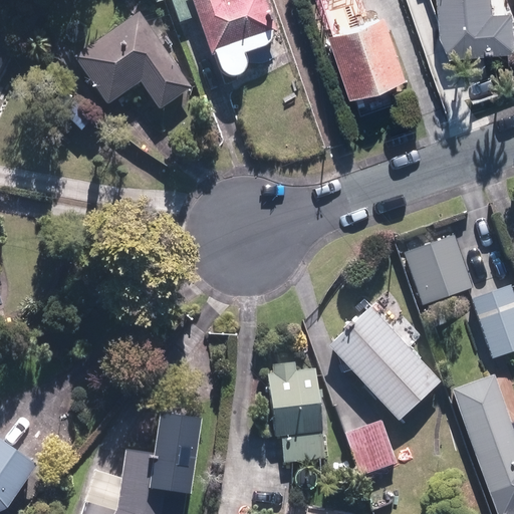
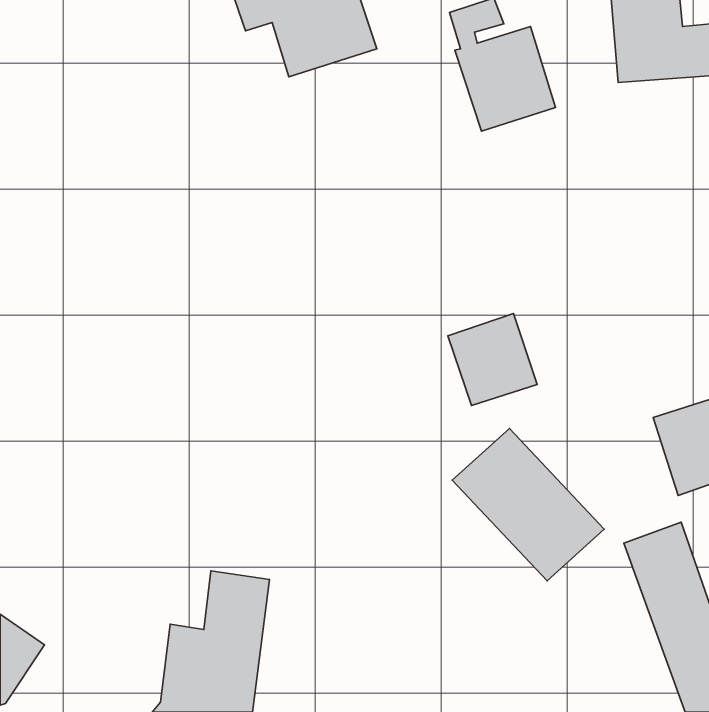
building: [76,15,191,109] -> none
building: [410,236,474,302] -> [448,313,537,406]
building: [268,361,325,461] -> none
building: [346,420,395,472] -> none

